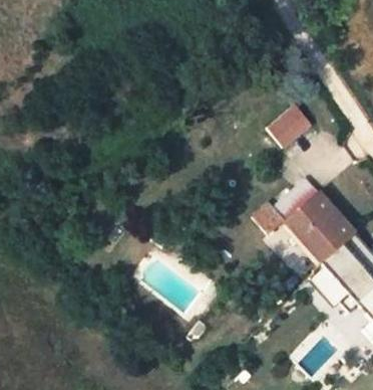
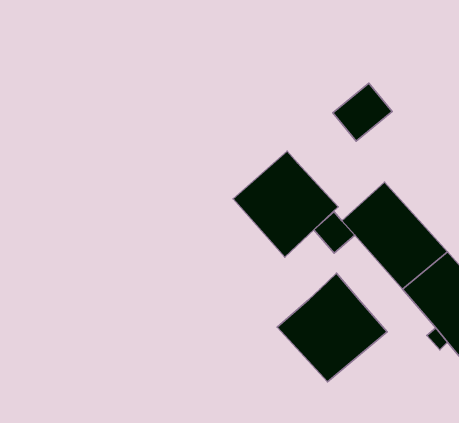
building: none -> [233,151,338,257]
building: none -> [277,273,387,382]

